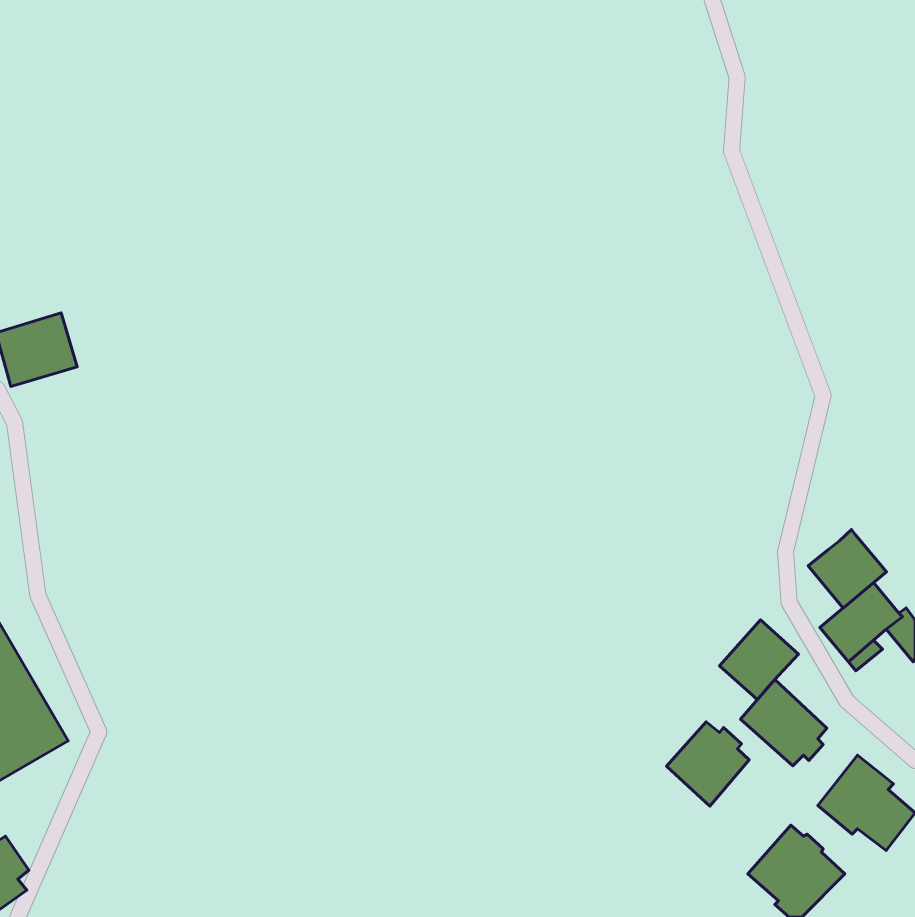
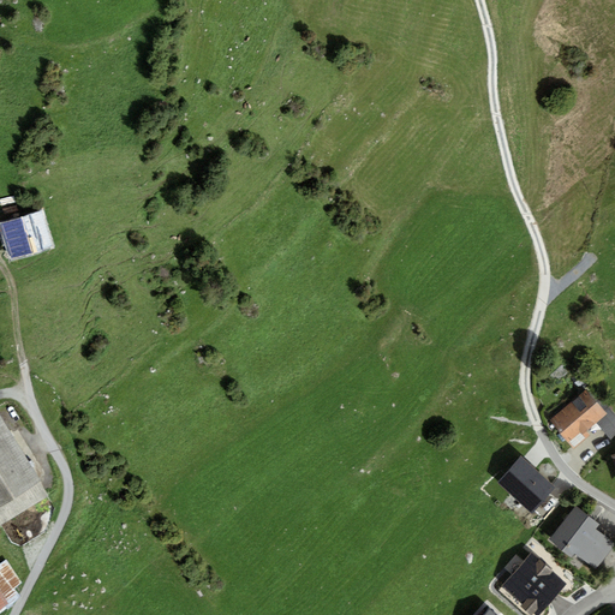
building: [808,530,886,608] -> none
building: [719,620,798,700] -> none
building: [666,722,749,806] -> none

